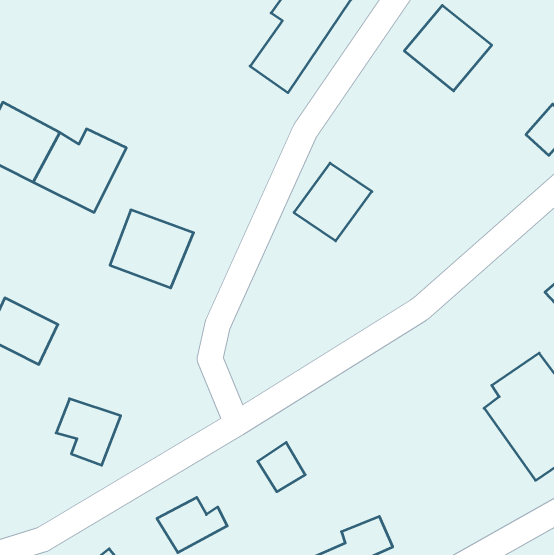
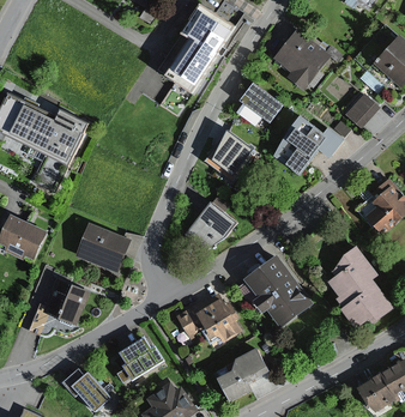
building: none -> [238,85,278,120]
building: none -> [272,120,339,170]
building: [110,210,194,288] -> [81,224,134,273]
building: none -> [185,205,231,252]
building: none -> [240,255,309,327]
building: none -> [195,292,241,344]

